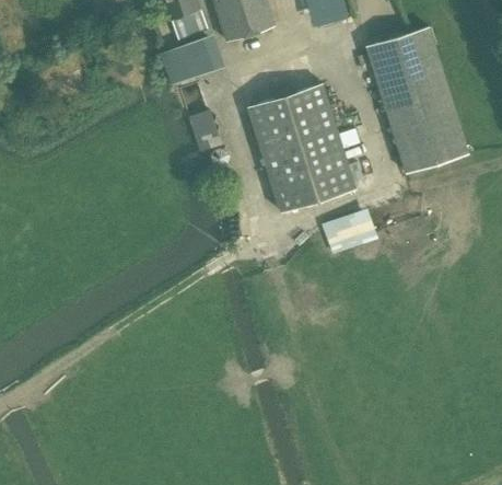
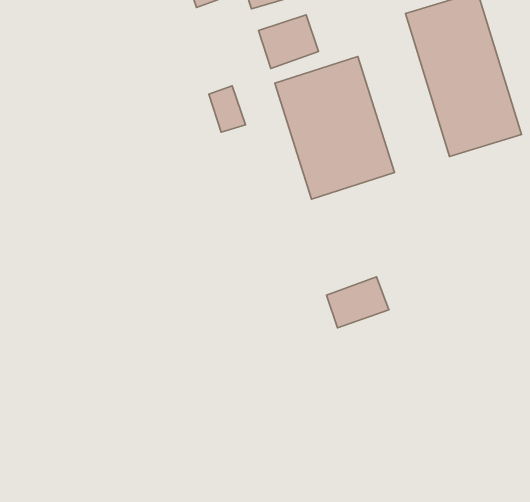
building: [161,37,214,85] -> [259,15,318,68]
building: [323,208,378,254] -> [327,277,389,328]

